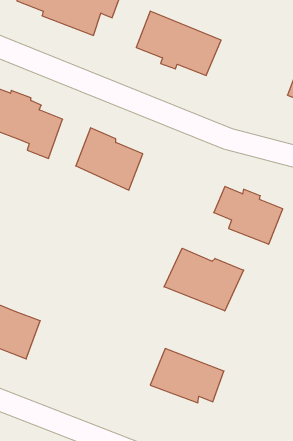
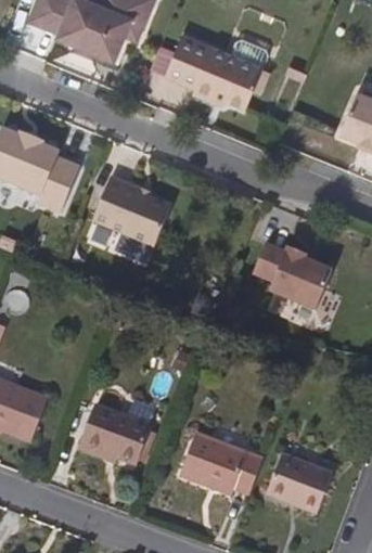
building: [164,248,244,311] -> none
building: none -> [81,404,152,463]
building: none -> [268,454,335,515]

